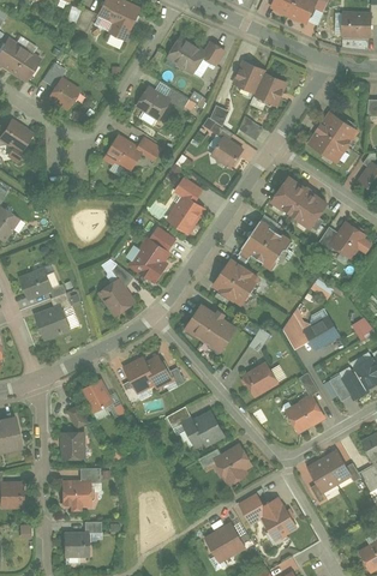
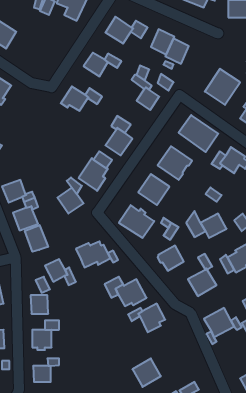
building: [46,77,78,109] -> none
building: none -> [25,225,48,252]
building: [238,494,298,541] -> none

